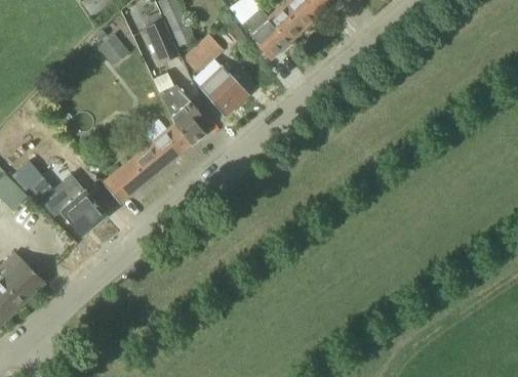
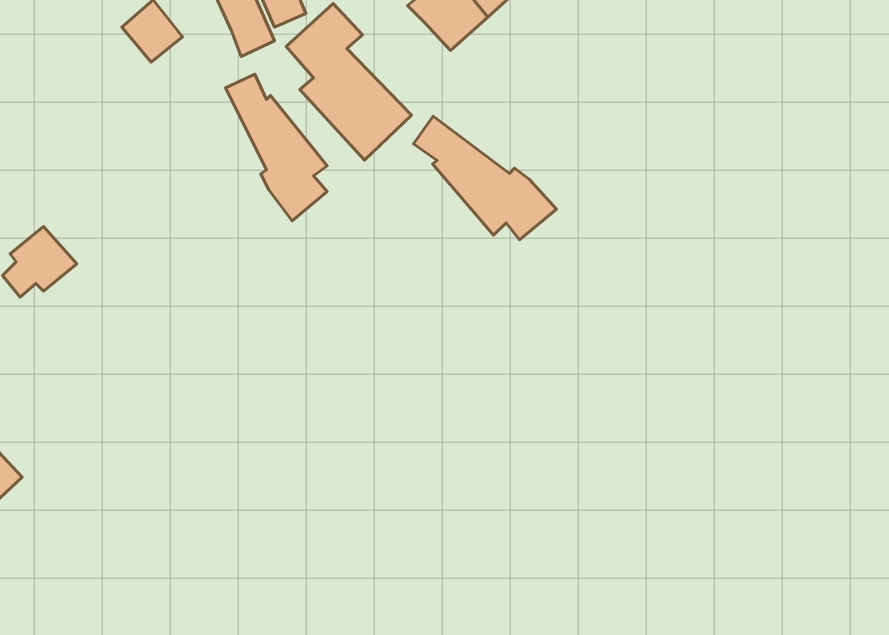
building: none -> [413,116,557,240]
building: [103,118,188,204] -> none
building: [52,192,107,235] -> none

